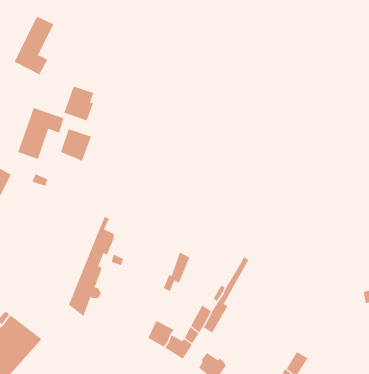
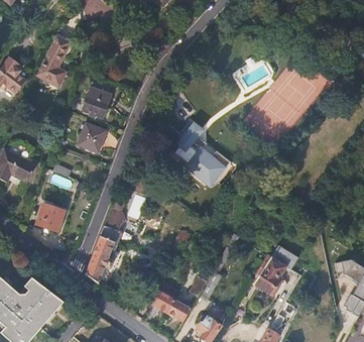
building: [18,107,64,160] -> none
building: none -> [173,120,228,183]
building: none -> [36,204,65,232]
building: none -> [254,245,298,297]

